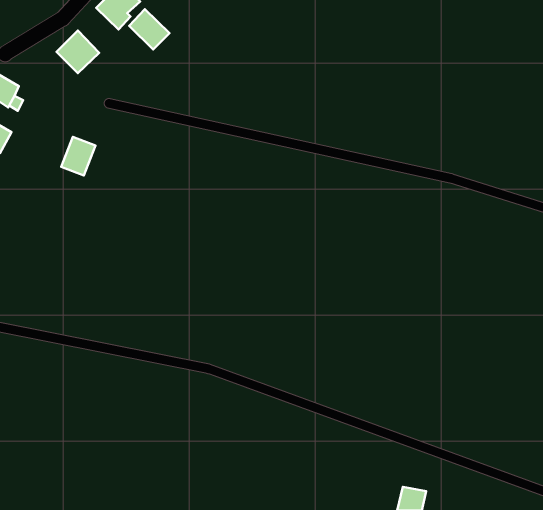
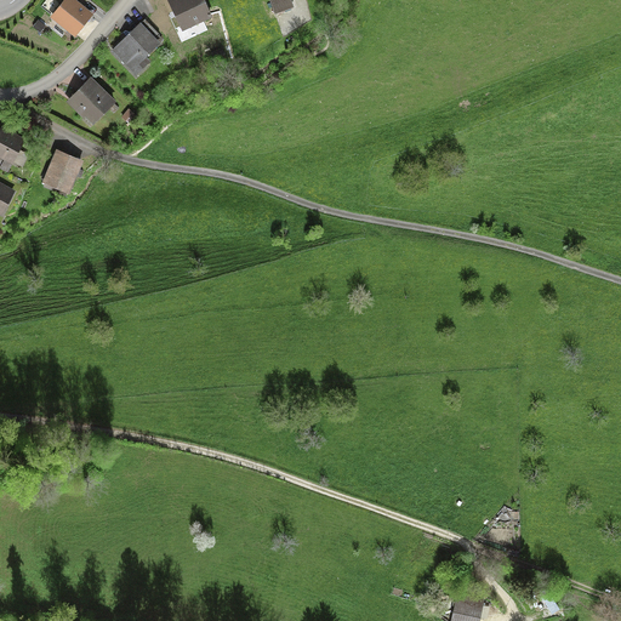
building: [129,9,169,50] -> none
building: [61,137,95,175] -> [42,150,81,194]

